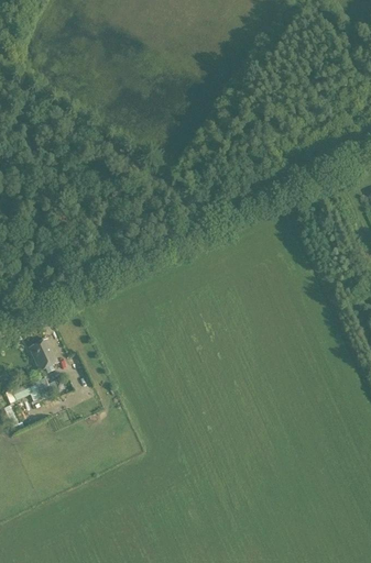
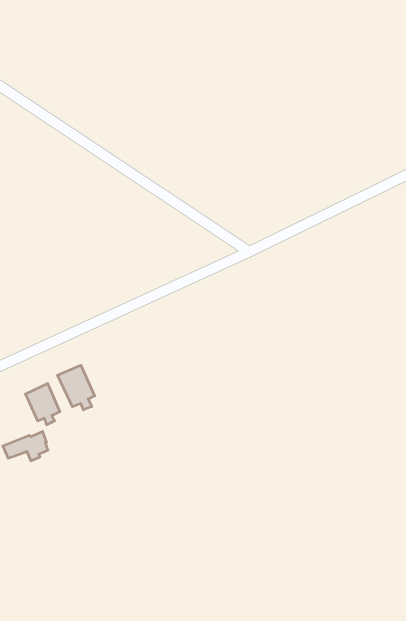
building: none -> [58,365,95,410]

